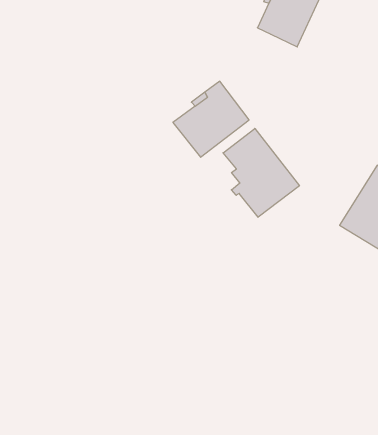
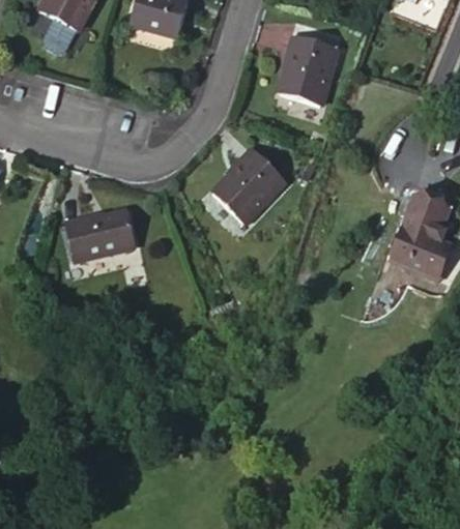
building: none -> [66,214,138,259]
building: [223,128,299,217] -> none

